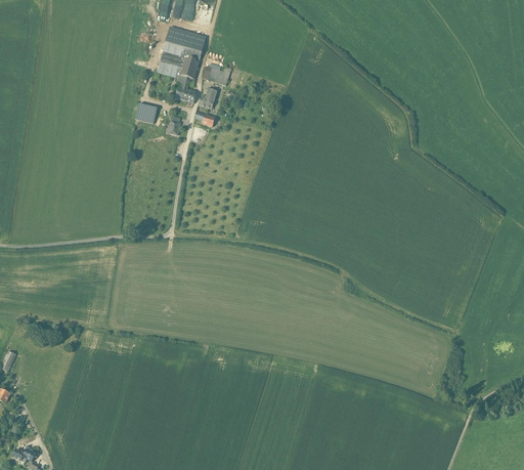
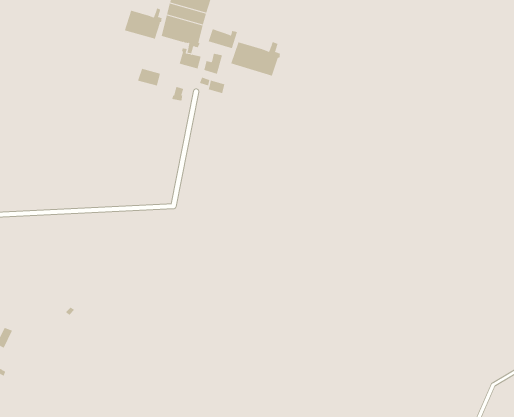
building: none -> [124,8,162,40]
building: none -> [230,41,280,76]

